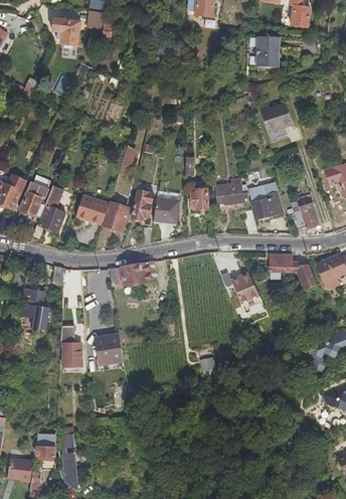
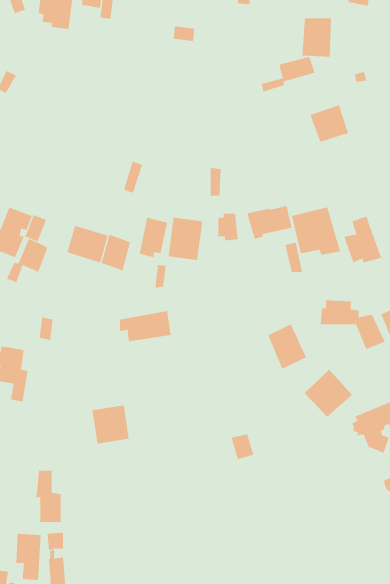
building: none -> [261,56,315,92]
building: none -> [304,369,353,417]
building: [61,325,81,365] -> [35,470,62,523]

